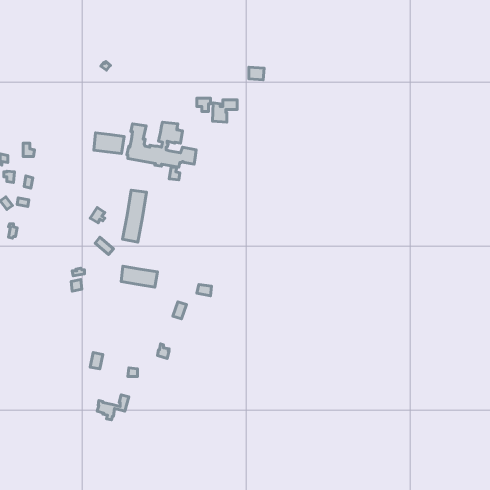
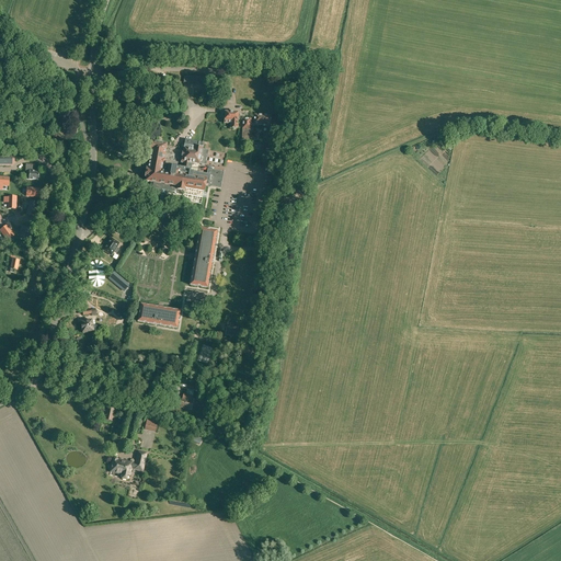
building: [94,133,124,154] -> none
building: [122,190,146,242] -> [191,228,218,287]

